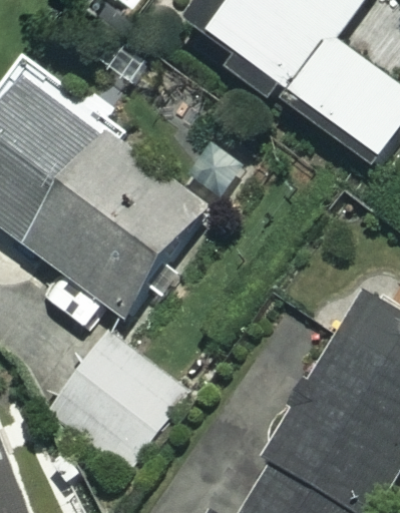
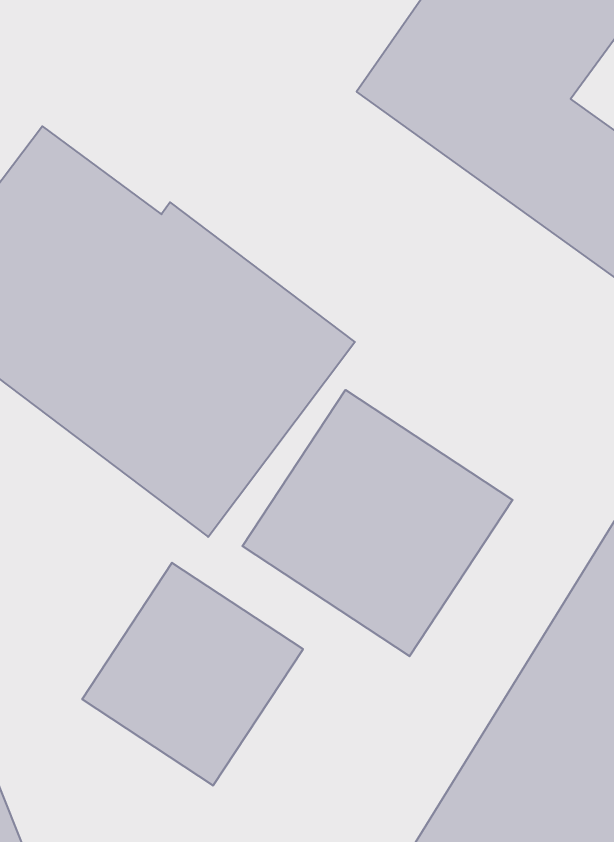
building: none -> [242,390,513,656]

